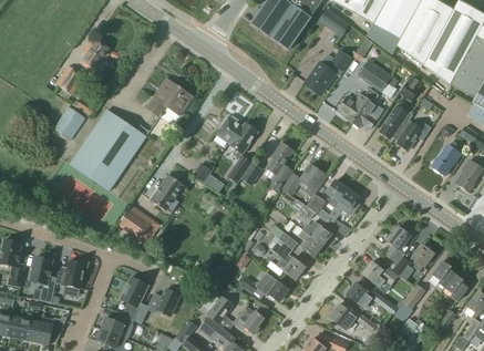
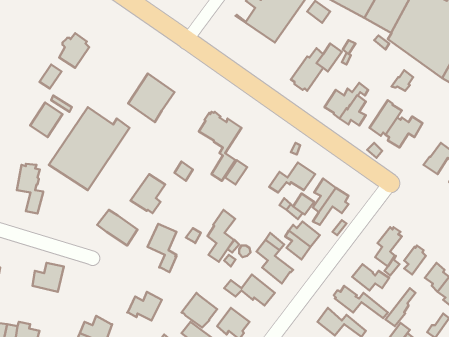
building: [358,60,391,91] -> none
building: [266,142,292,192] -> [207,210,235,262]
building: [30,255,55,302] -> [17,164,43,213]
building: [120,277,147,323] -> [148,224,176,272]

